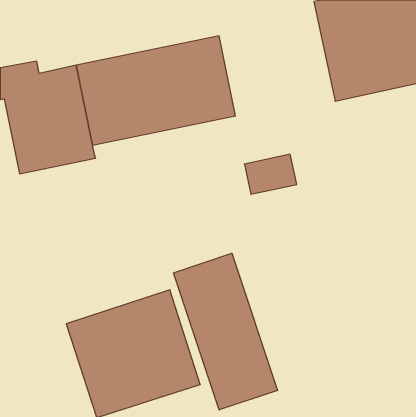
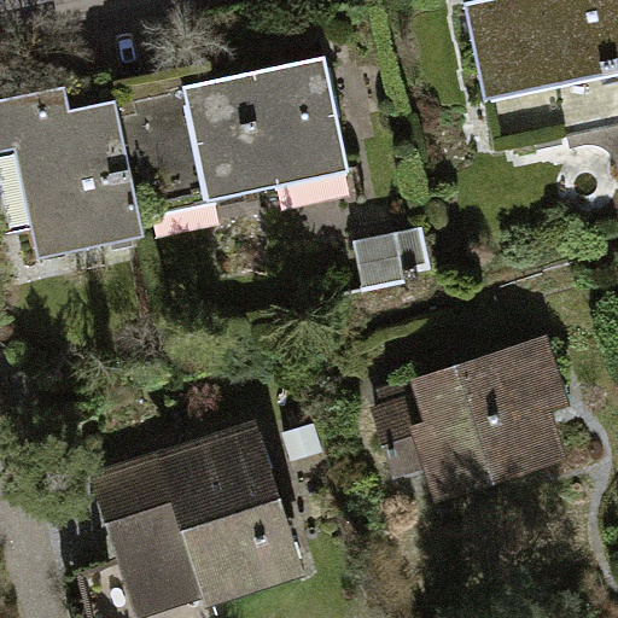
building: none -> [378,345,559,490]
building: [173,253,277,410] -> none

